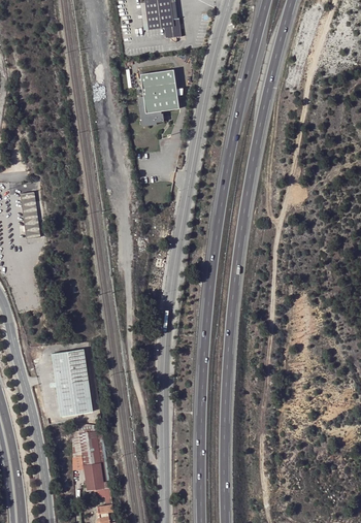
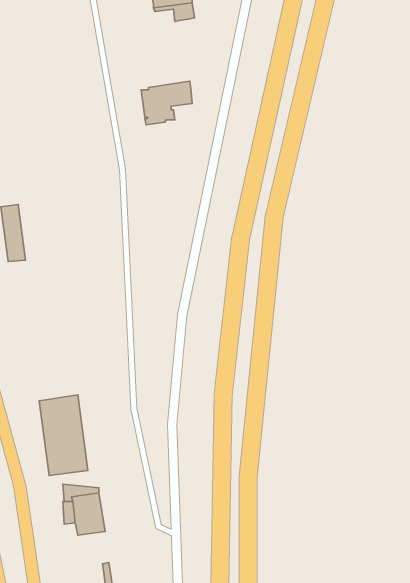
building: [140,69,176,95] -> none
building: [84,463,109,492] -> none

